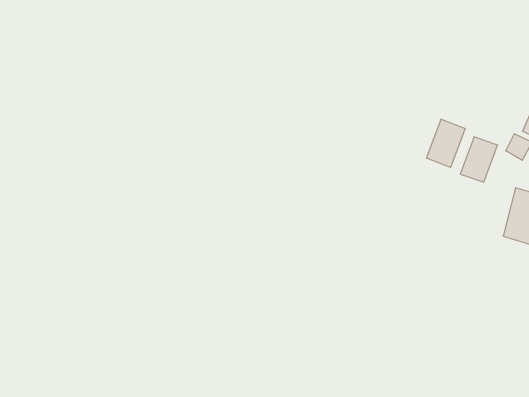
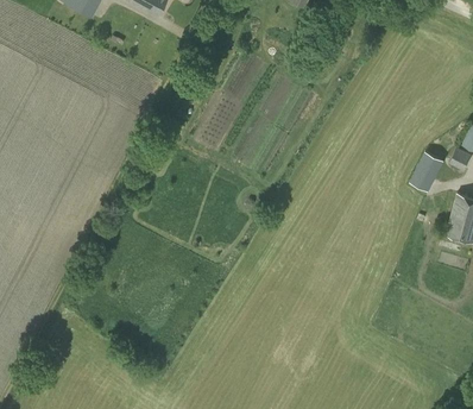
building: [427,119,465,167] -> none

